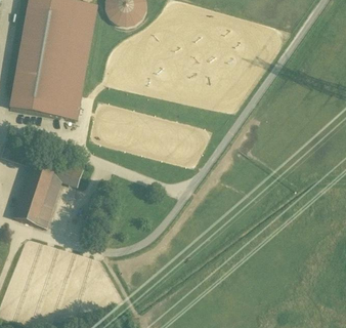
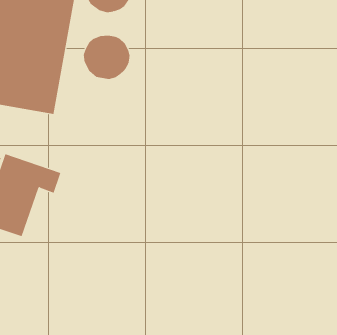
building: none -> [83,35,130,80]

